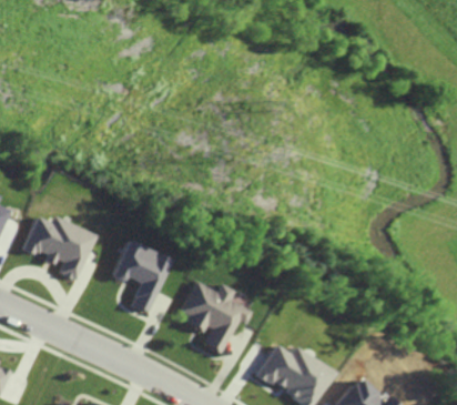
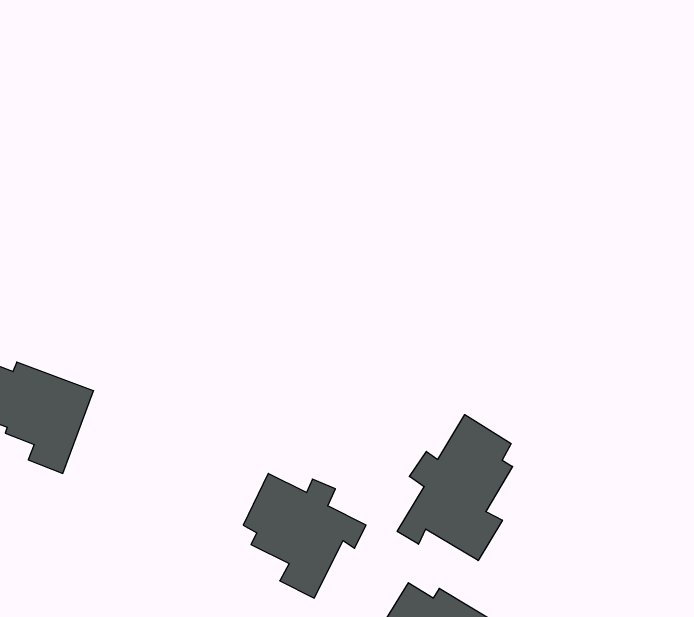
building: [109,240,170,313] -> none
building: none -> [397,415,513,561]

